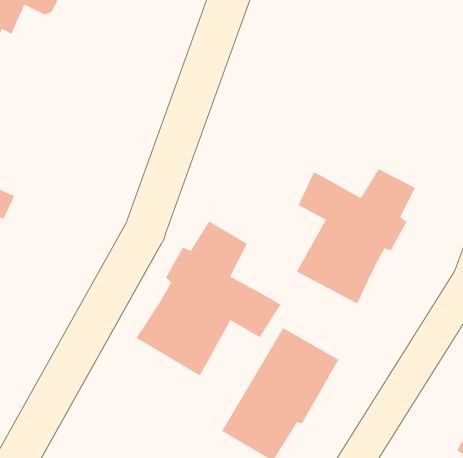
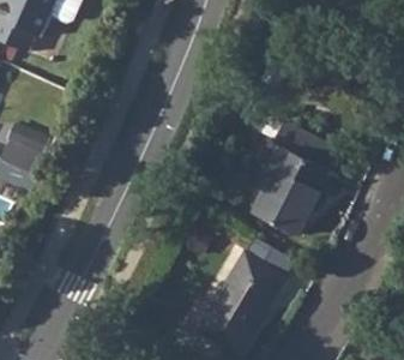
building: [136,220,282,377] -> none

